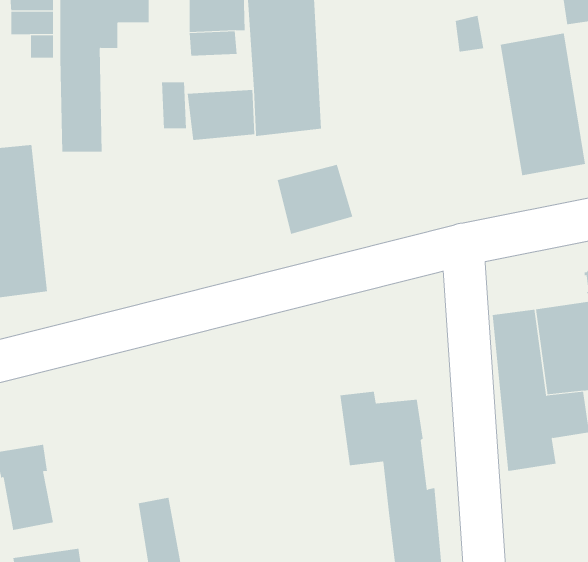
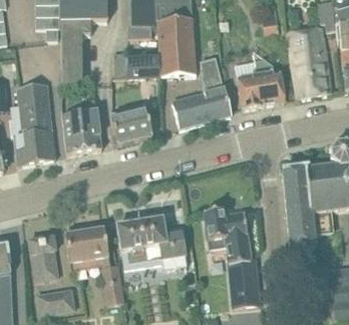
building: none -> [201,57,231,120]
building: none -> [237,58,285,109]
building: none -> [61,98,101,154]
building: none -> [110,103,152,144]
building: none -> [116,219,188,270]
building: none -> [65,228,109,264]

